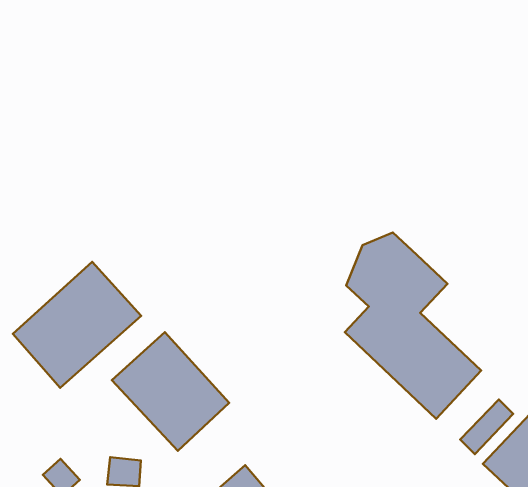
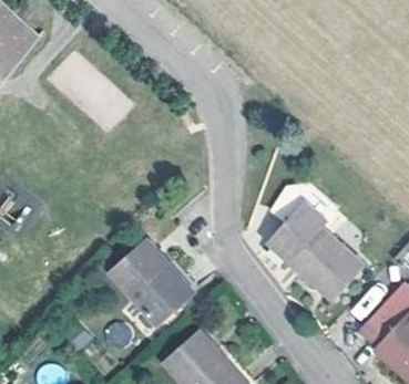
building: [13,262,141,388] -> none

